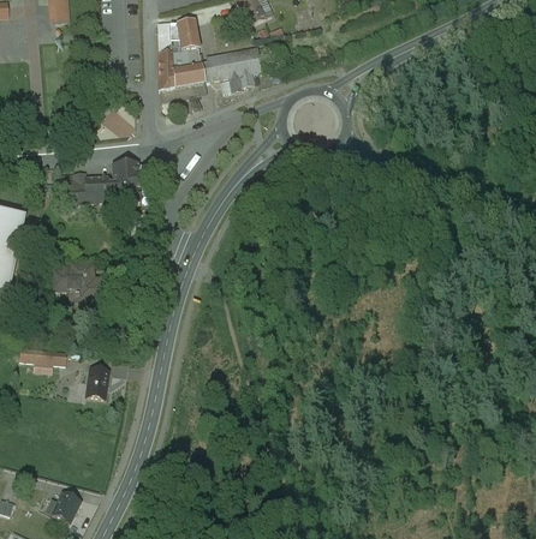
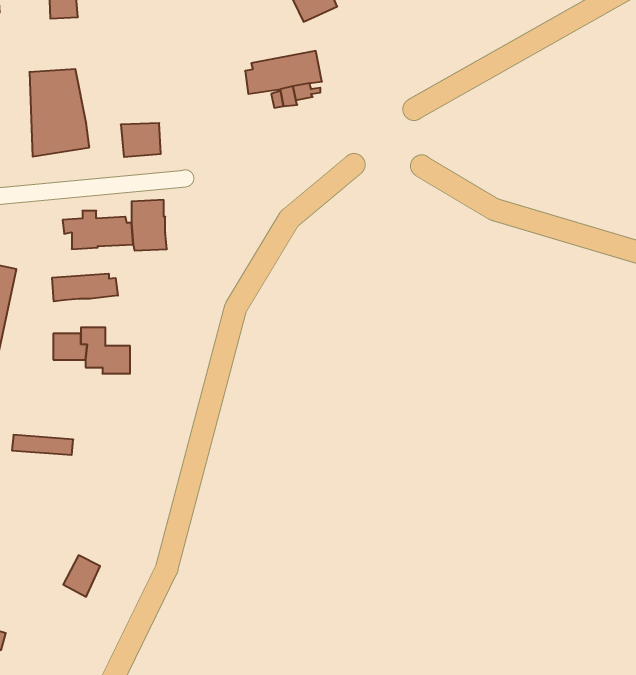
building: [156,20,203,89] -> [29,69,89,157]
building: none -> [52,274,118,301]
building: [85,366,108,397] -> none
building: [50,491,79,523] -> [63,555,100,597]

